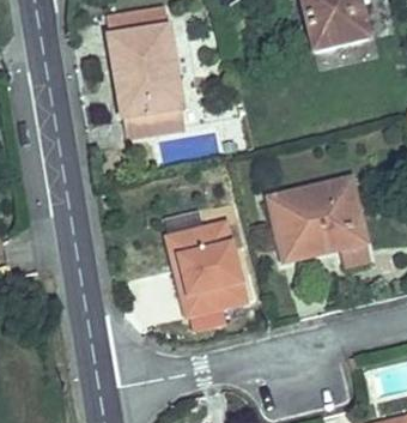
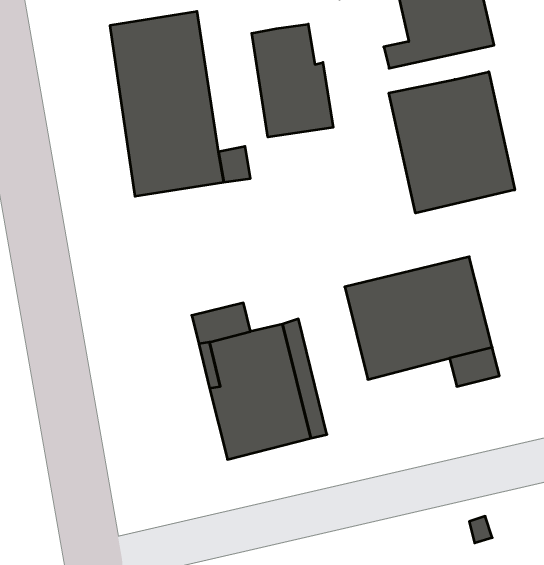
building: none -> [252,24,333,137]
building: none -> [389,72,515,213]

